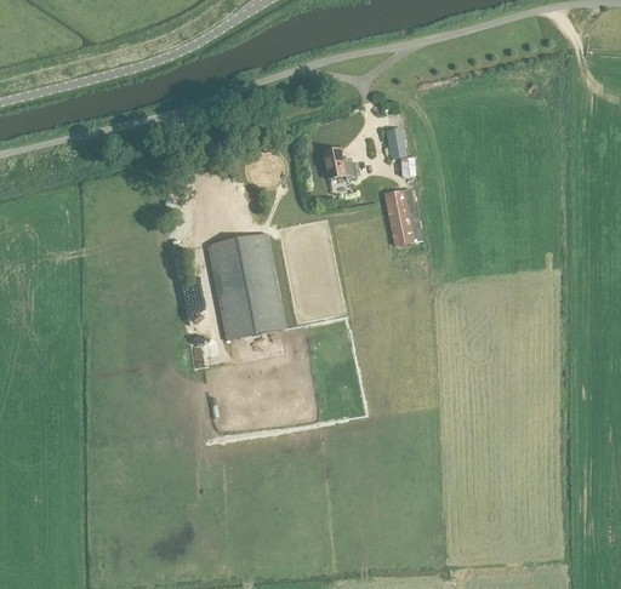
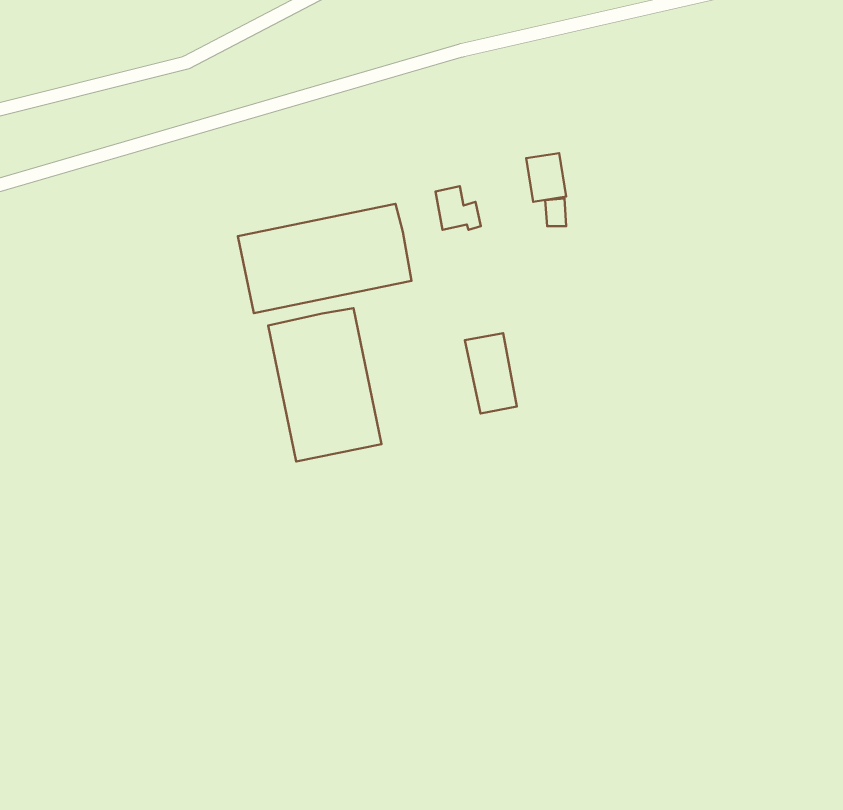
building: none -> [238,204,411,313]
building: [383,188,420,244] -> [465,333,517,413]

